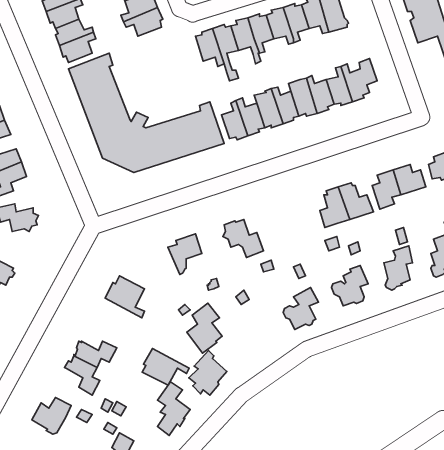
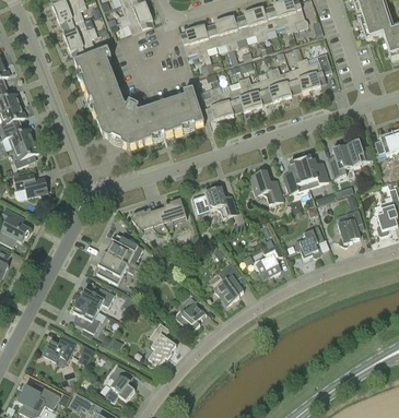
building: none -> [251,170,283,204]
building: none -> [131,208,167,234]
building: [187,303,222,353] -> [214,263,244,304]
building: [142,349,189,385] -> [96,252,136,283]

